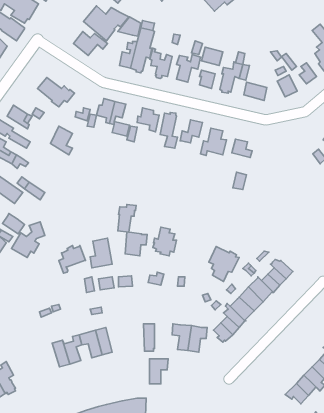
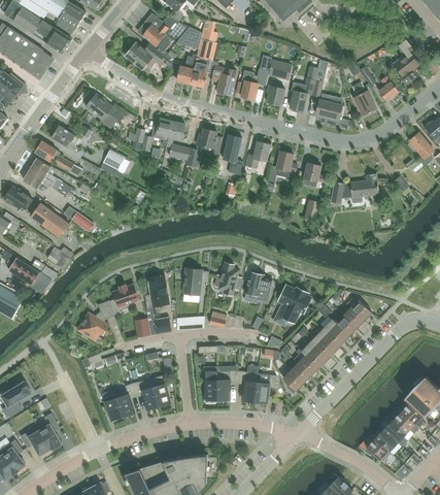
building: none -> [330,174,378,203]
building: [118,204,136,232] -> none
building: [12,222,45,258] -> [77,300,114,340]
building: none -> [244,272,272,296]
building: [150,359,168,384] -> [216,371,237,399]

